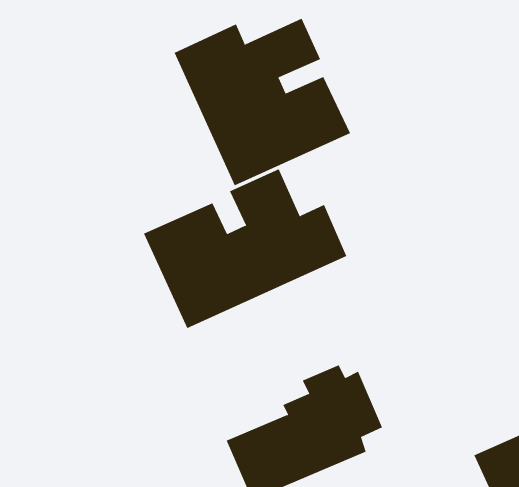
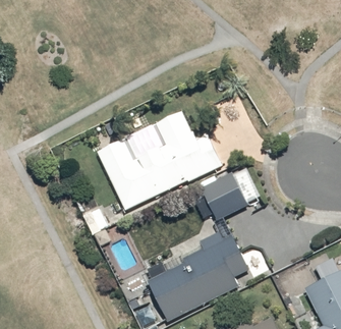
building: [174,18,351,186] -> none
building: none -> [203,174,248,219]

